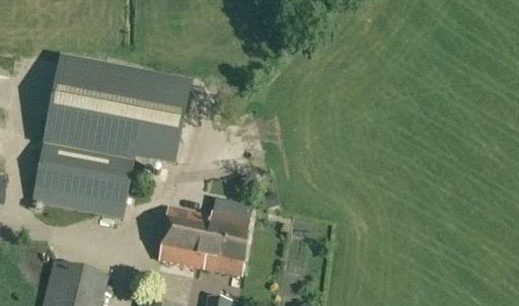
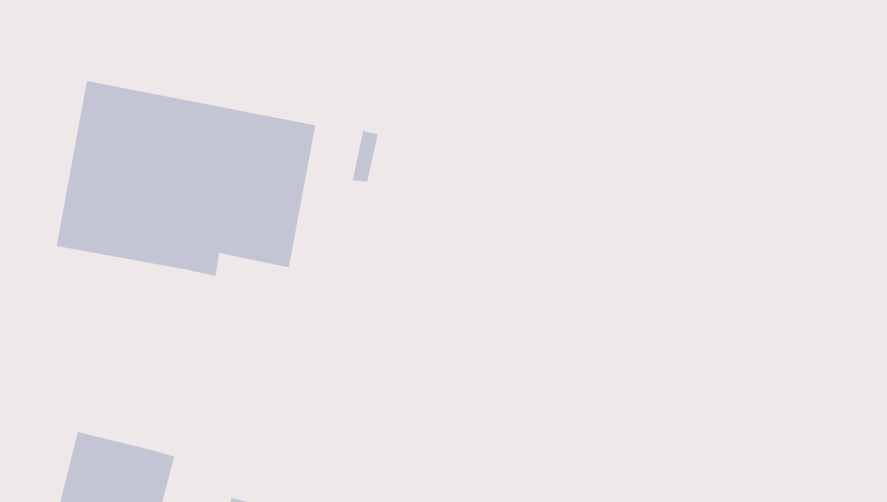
building: [32,152,133,216] -> none
building: [158,203,251,274] -> none

